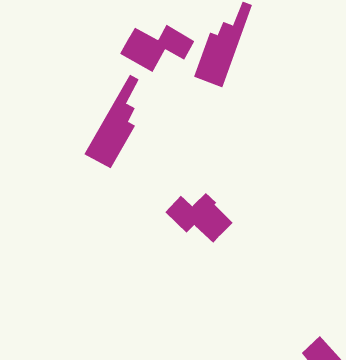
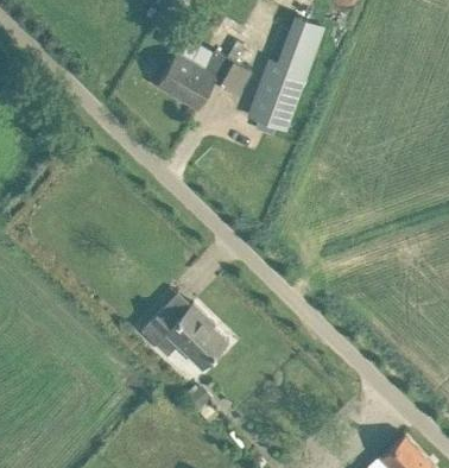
building: [83,74,139,169] -> none
building: [164,192,234,244] -> [141,304,227,368]

